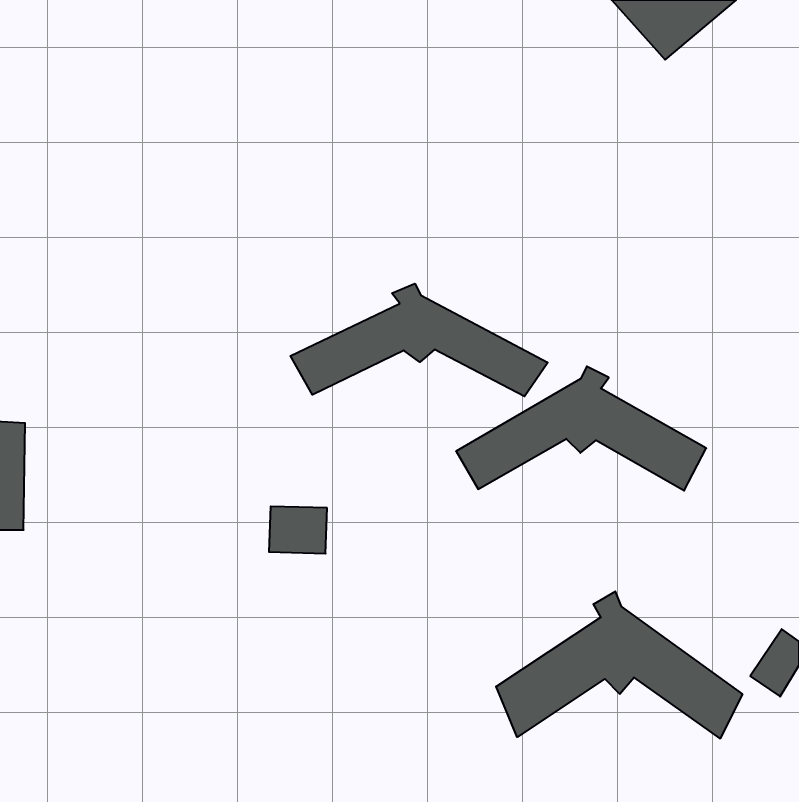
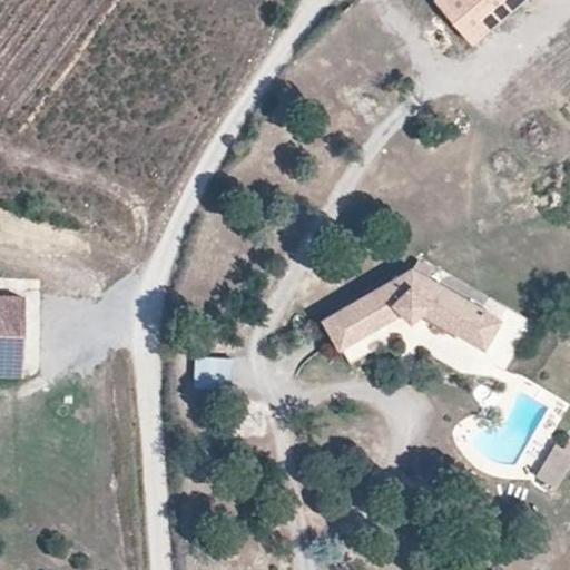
building: [290,284,548,396] -> none
building: [496,591,742,739] -> none

